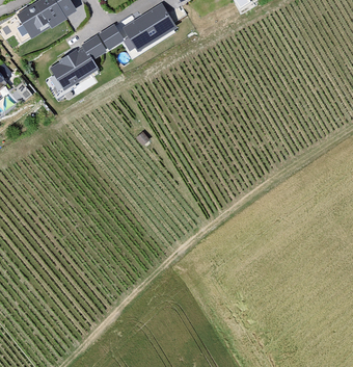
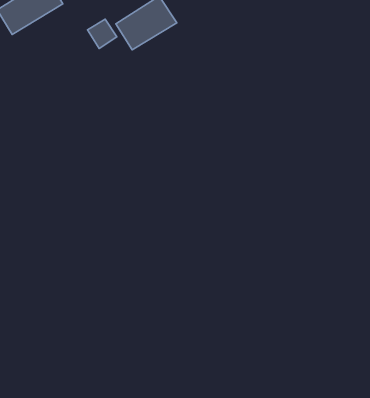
building: [49,34,106,89] -> none

